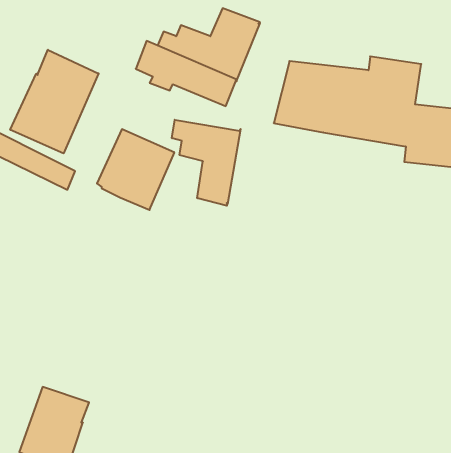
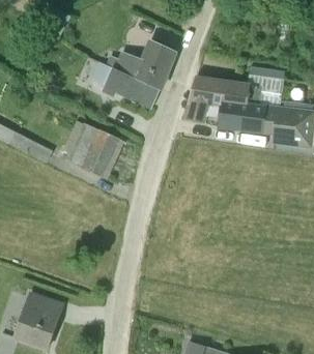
building: [10,50,99,153] -> none
building: [172,120,241,206] -> none

